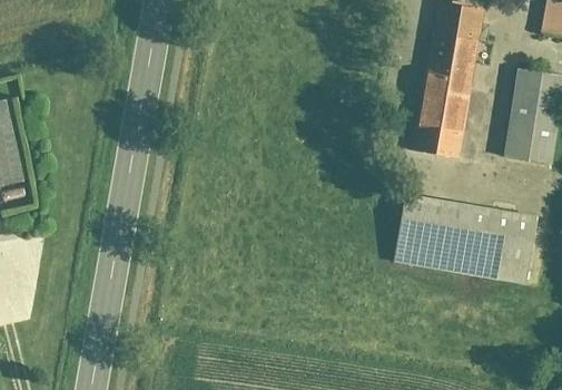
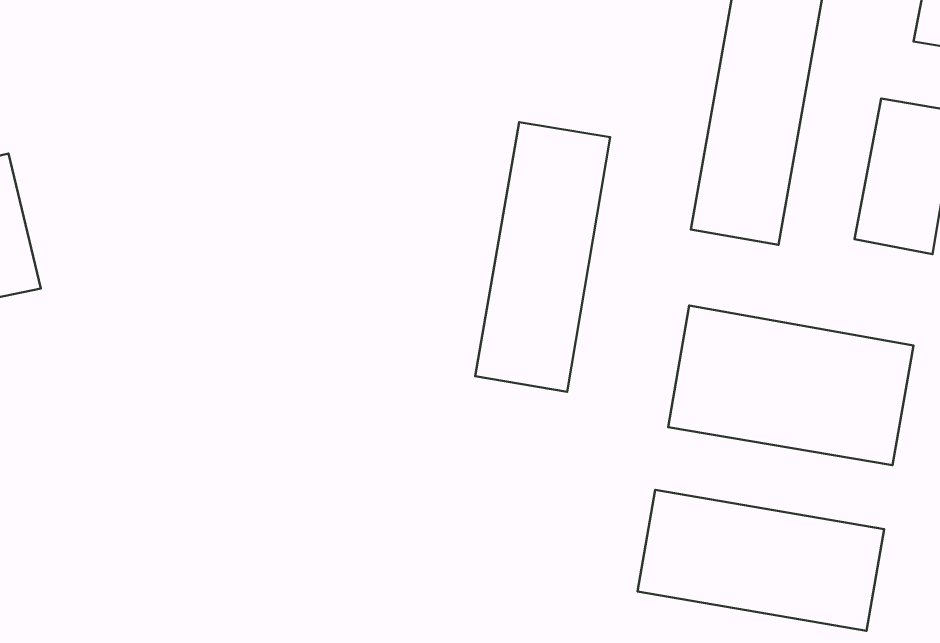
building: none -> [475,122,610,392]
building: none -> [638,490,884,631]

